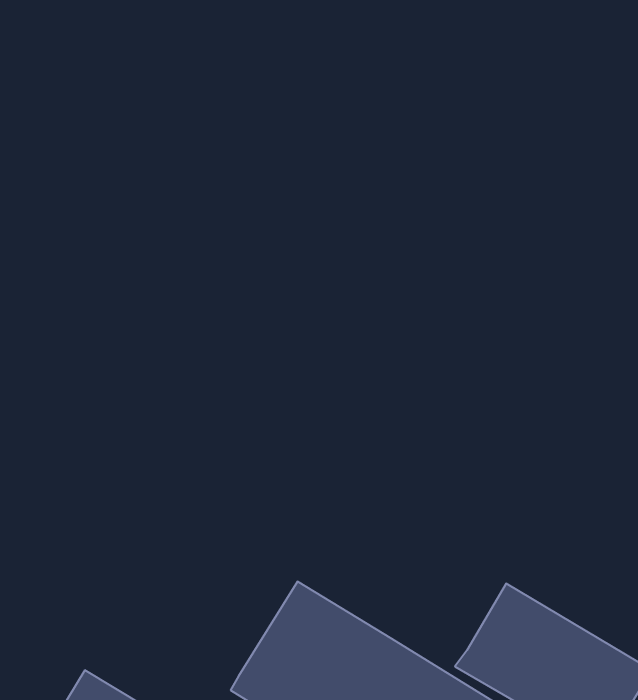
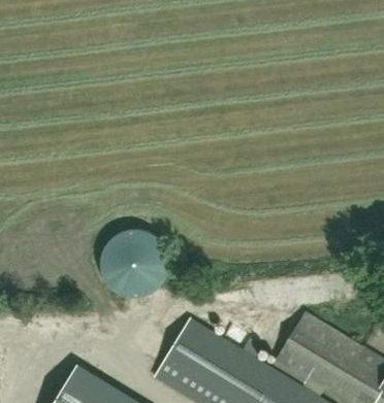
building: none -> [99,230,167,298]

